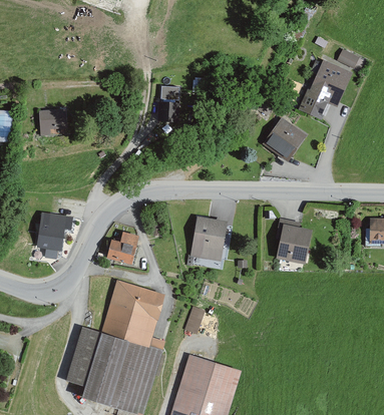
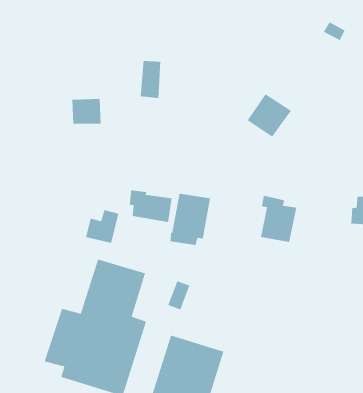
building: [298,58,353,117] -> none
building: [39,109,68,134] -> [72,98,101,124]
building: none -> [129,190,172,223]
building: [39,216,69,251] -> none

